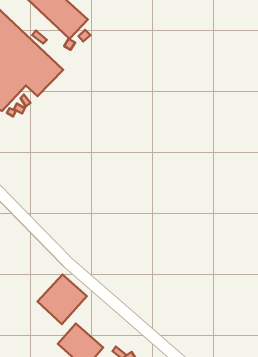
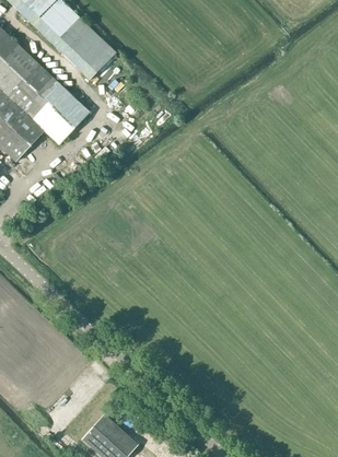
building: [37,275,87,324] -> none

